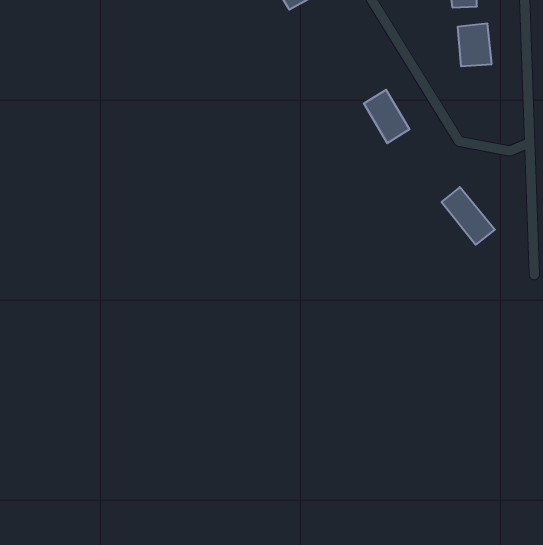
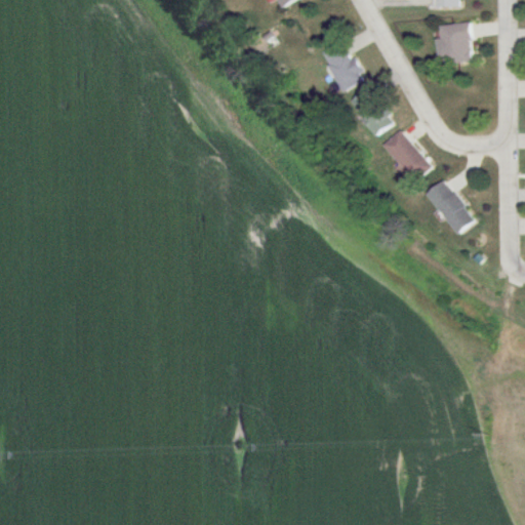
building: none -> [320,40,364,92]
building: none -> [382,130,432,184]

